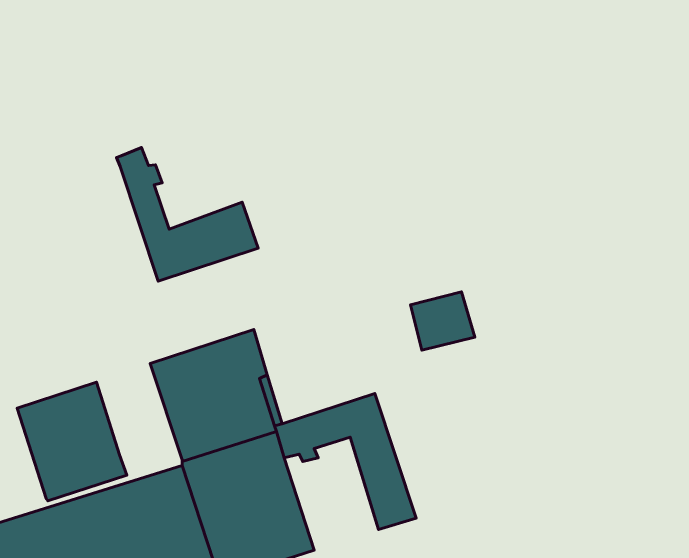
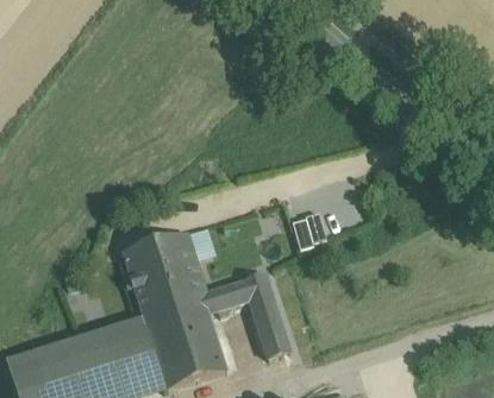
building: [117,148,258,281] -> none
building: [17,382,127,501] -> none

